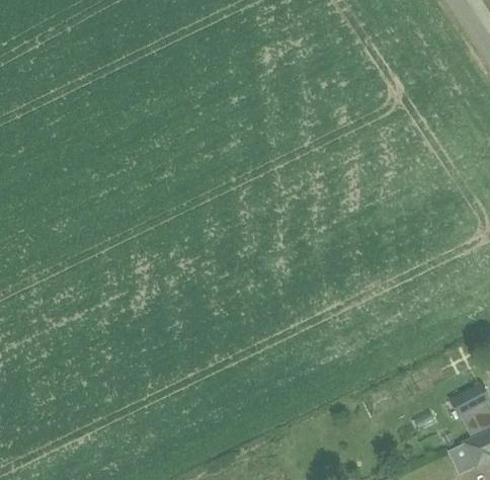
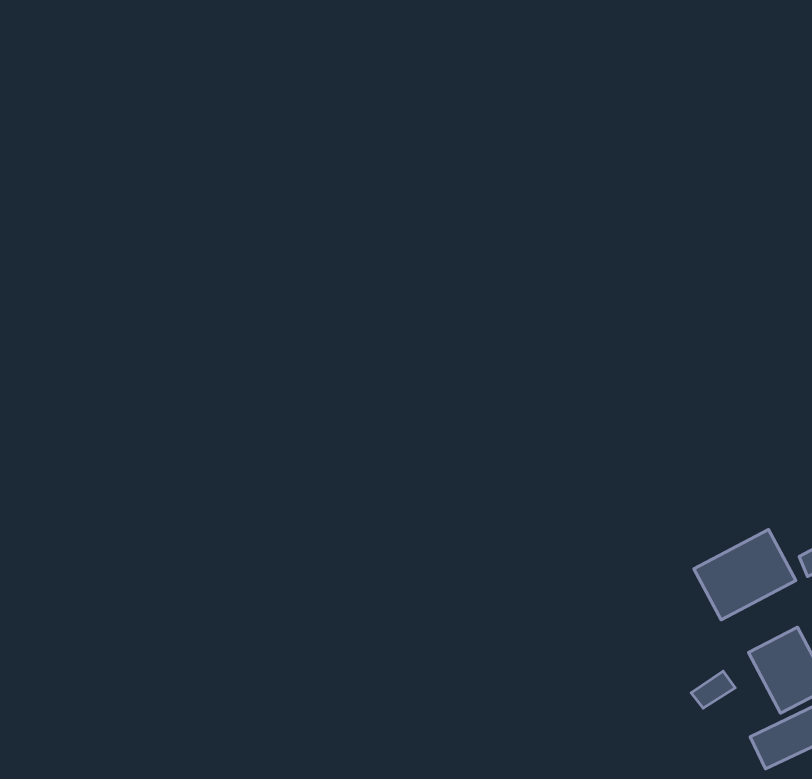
building: none -> [694,530,796,620]

